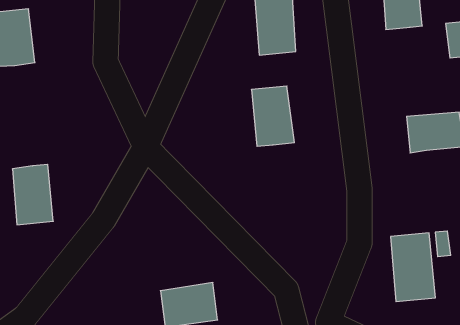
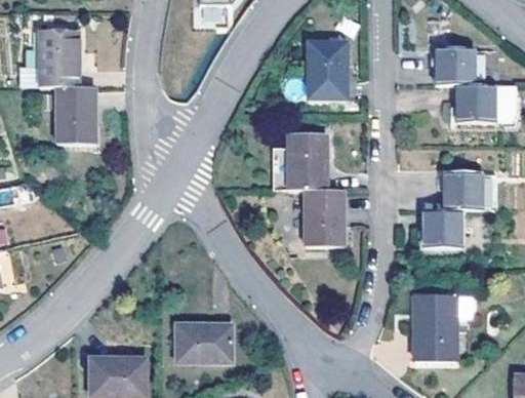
building: none -> [456,84,493,121]
building: none -> [308,189,346,246]
building: none -> [423,209,461,245]
building: [12,164,53,225] -> [55,83,92,141]

